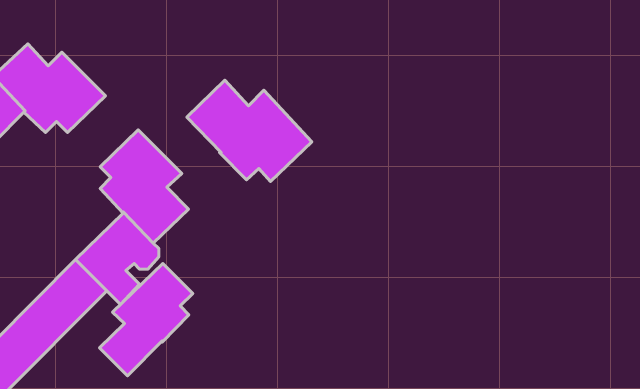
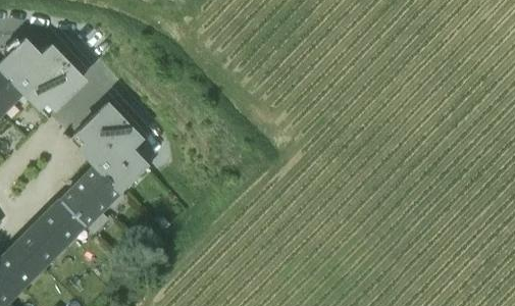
building: [187,80,312,181] -> none
building: [100,263,193,376] -> none

